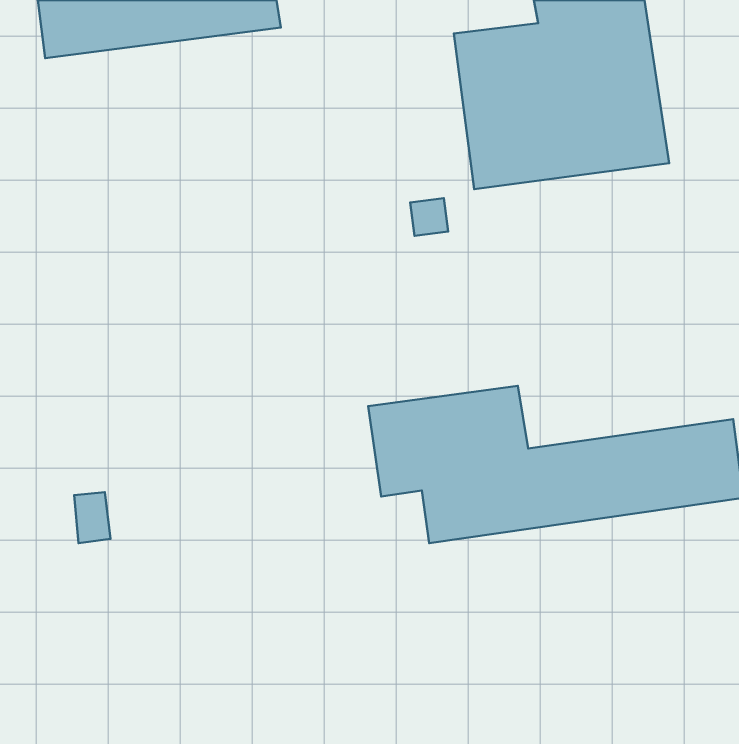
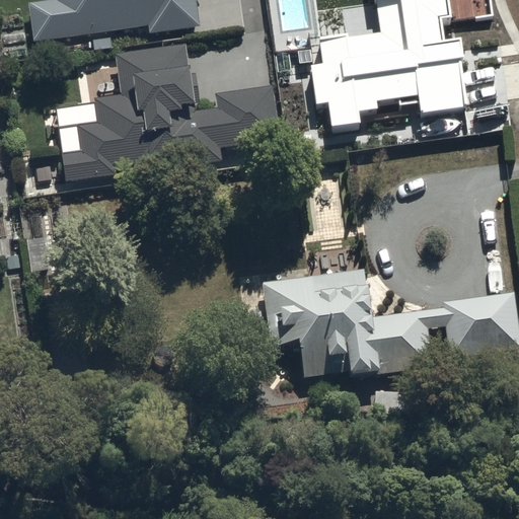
building: none -> [61,43,279,177]

